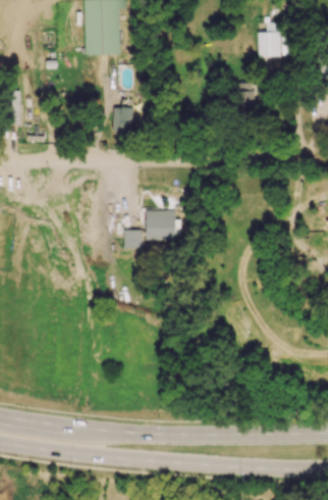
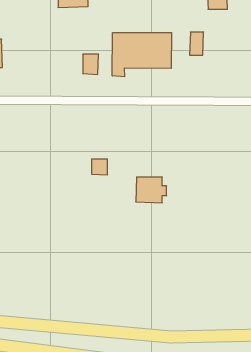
building: none -> [112,33,172,77]
building: [146,211,181,241] -> [136,177,167,203]

